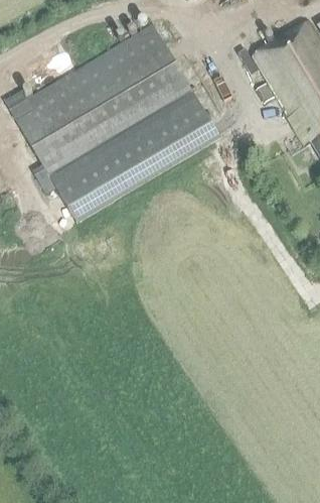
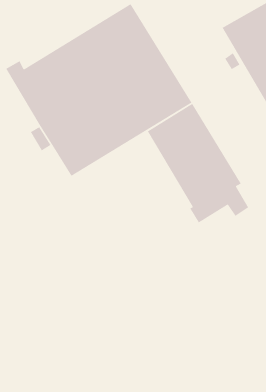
building: none -> [147,103,249,223]

